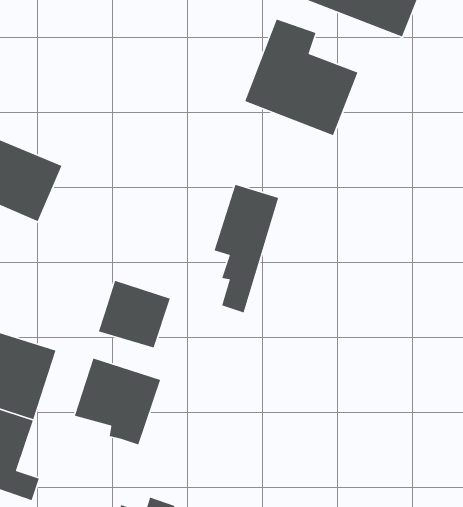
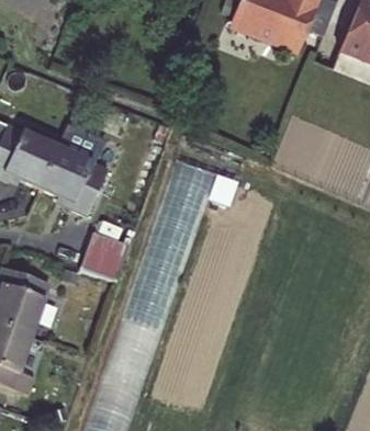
building: [244,18,358,136] -> none
building: none -> [35,132,109,213]
building: [74,358,161,446] -> none

